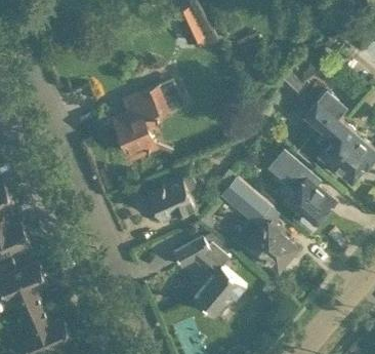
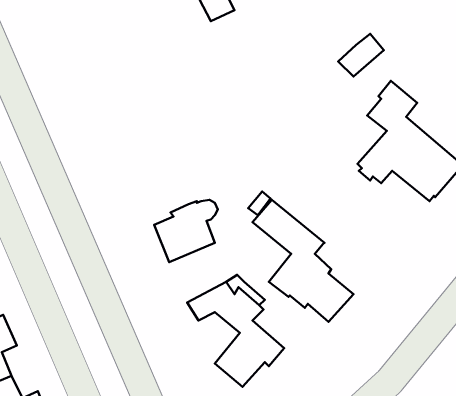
building: [115,85,184,155] -> none
building: [269,150,330,226] -> none

